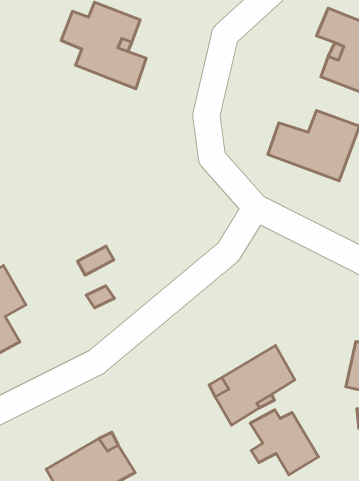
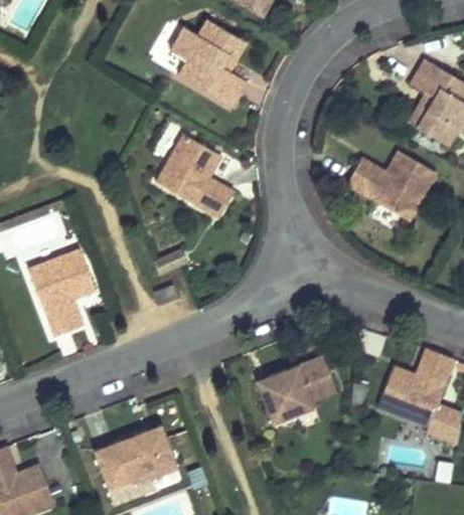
building: none -> [151,131,233,218]
building: [250,410,318,475] -> none

